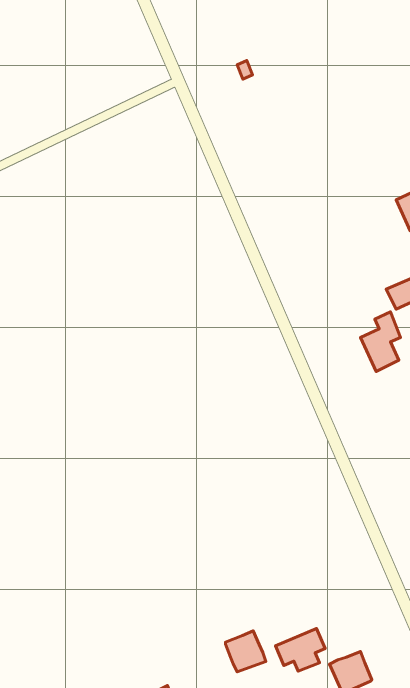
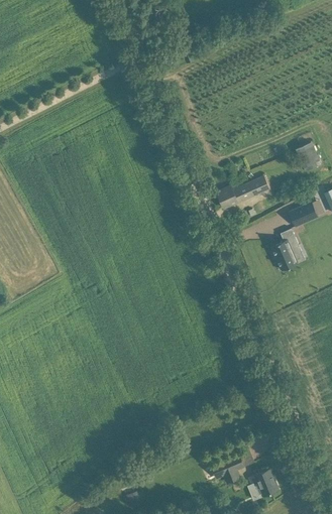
building: none -> [216,176,268,208]
building: [226,631,266,672] -> none

